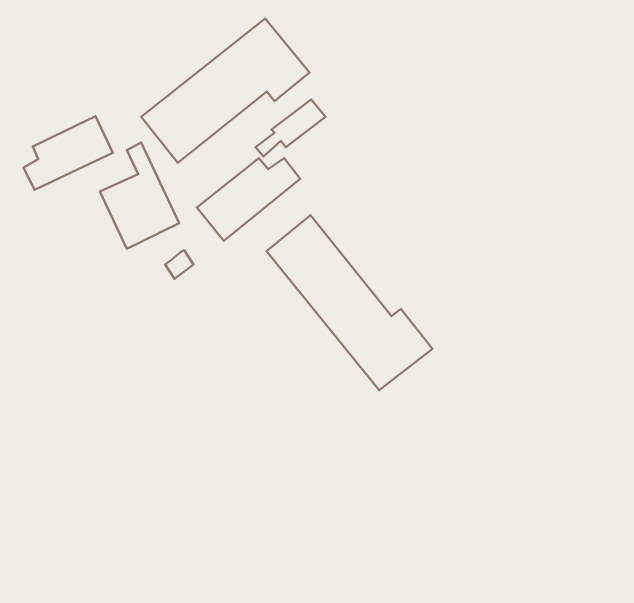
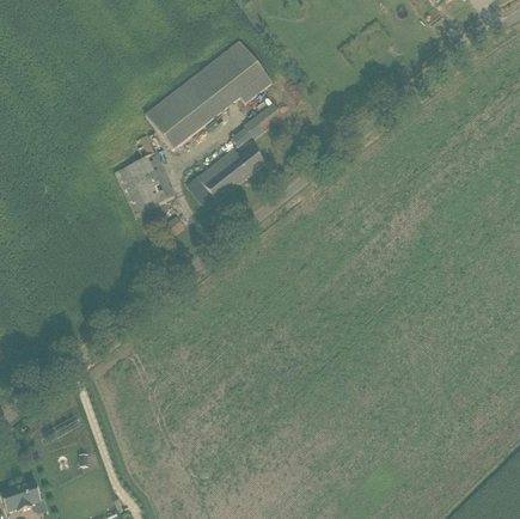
building: [23,116,113,190] -> none
building: [266,215,433,390] -> none

